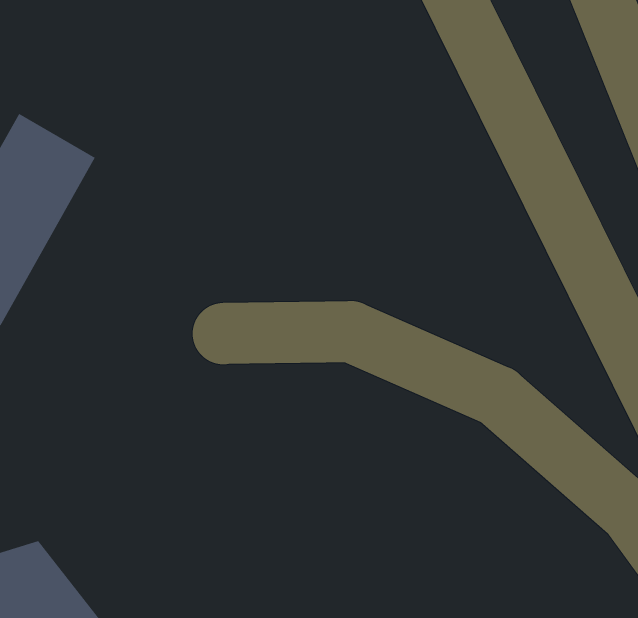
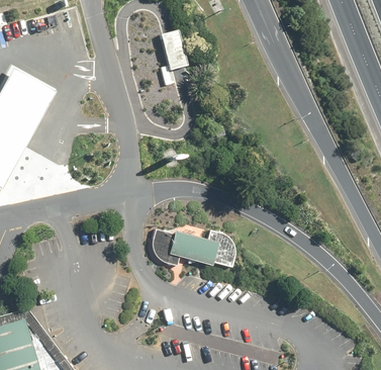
building: none -> [161,29,187,71]
building: none -> [150,228,232,268]

